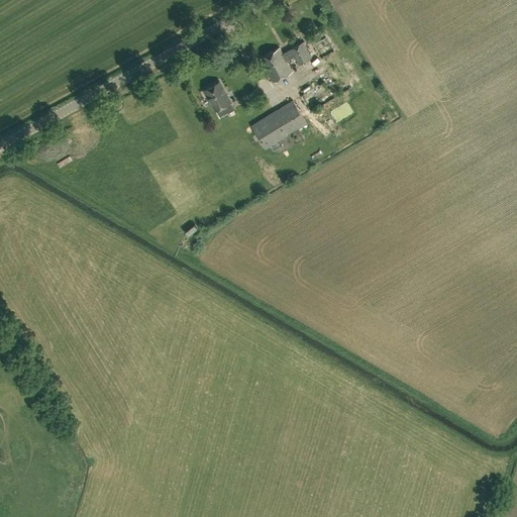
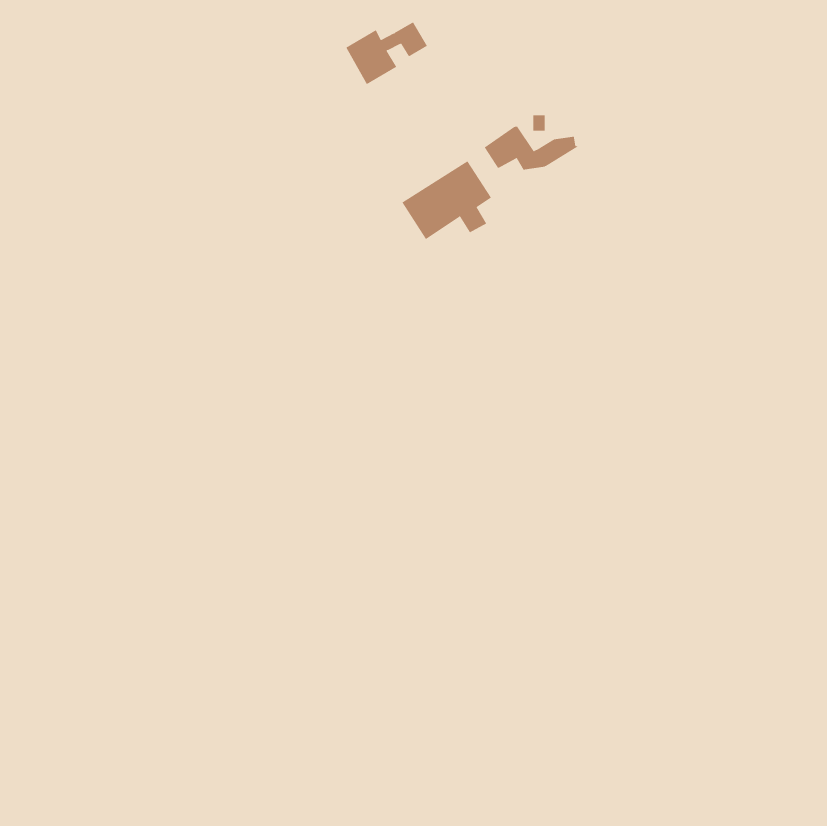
building: [261,43,312,83] -> [345,22,428,85]
building: [204,82,231,111] -> none

